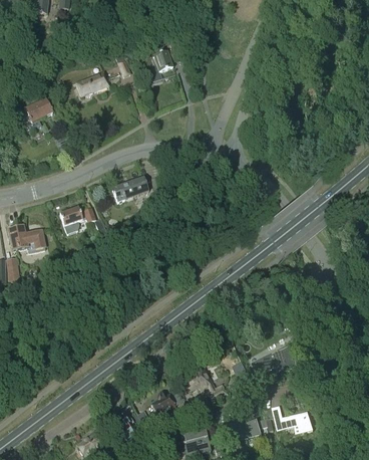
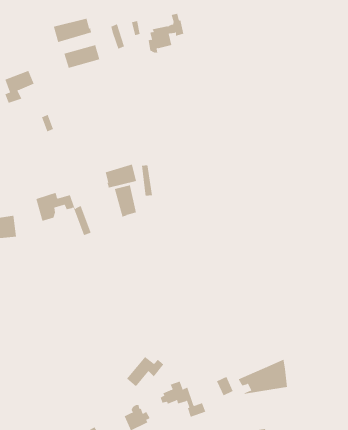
building: none -> [53,18,92,43]
building: none -> [114,184,137,217]
building: none -> [126,356,164,387]

